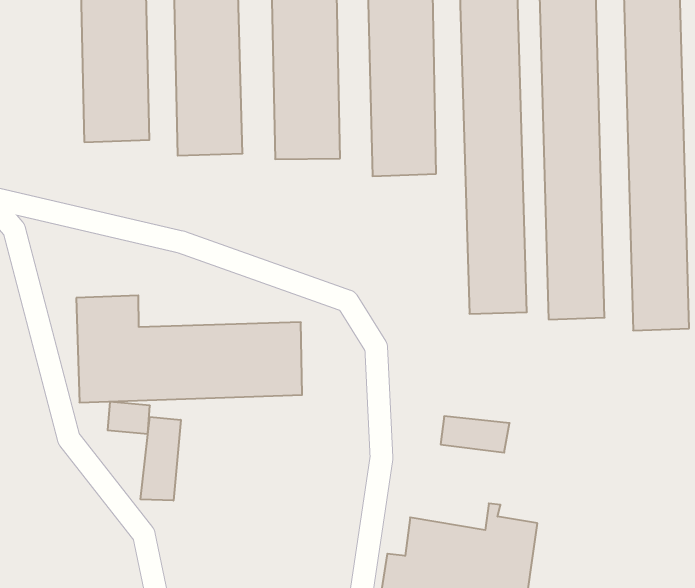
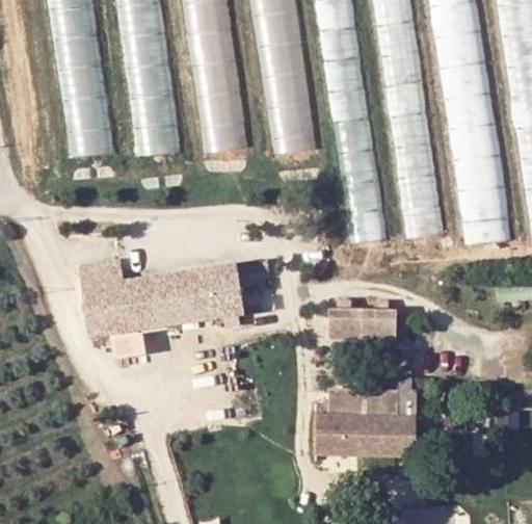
building: [141,417,181,501] -> none

